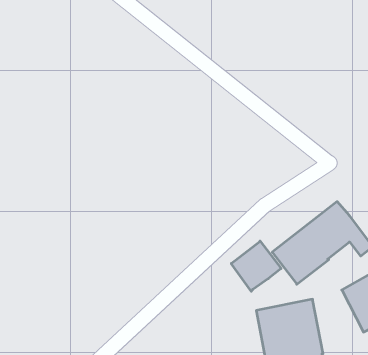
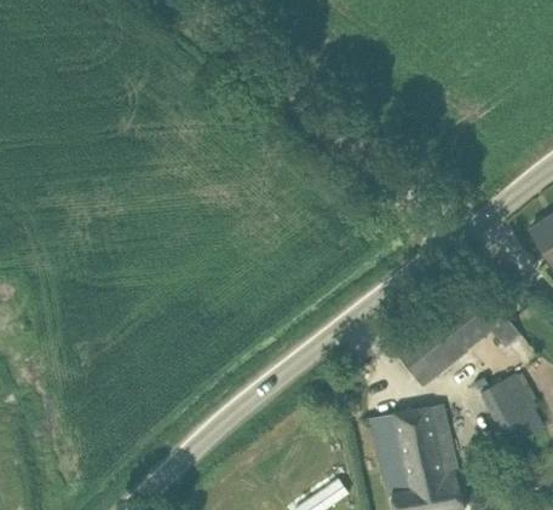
building: [231,241,281,291] -> none

